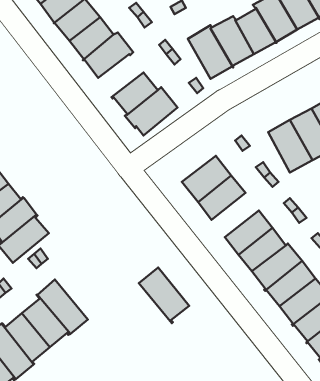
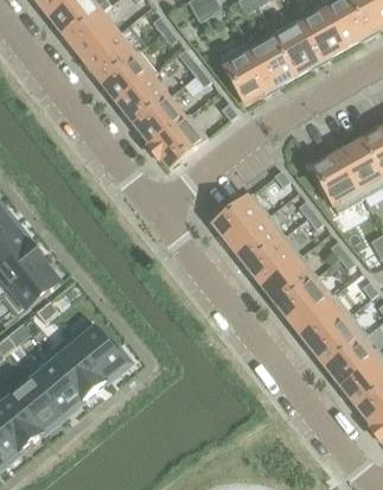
building: none -> [116,76,168,126]
building: none -> [247,236,301,287]
building: [139,268,189,323] -> [66,318,125,382]

